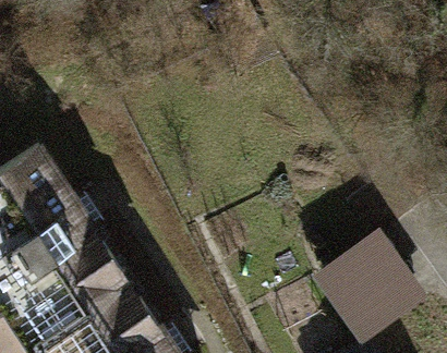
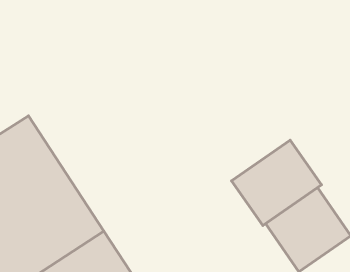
building: none -> [232,140,321,225]

